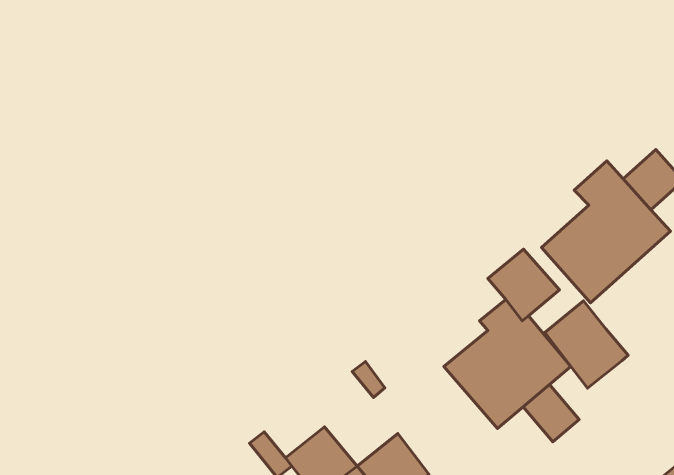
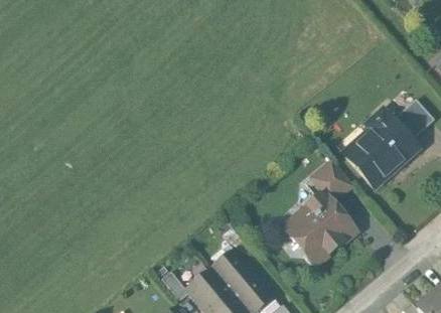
building: [545,301,628,388] -> none
building: [523,385,579,442] -> none
building: none -> [208,249,254,293]

